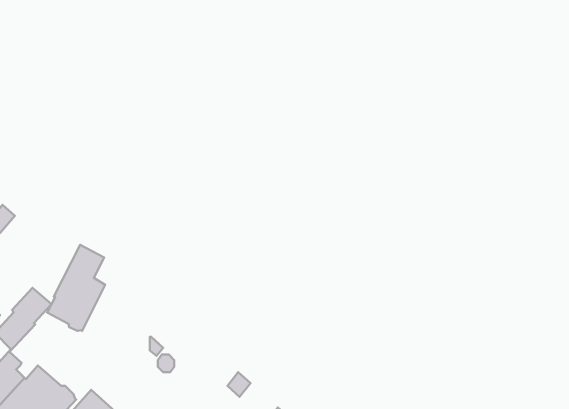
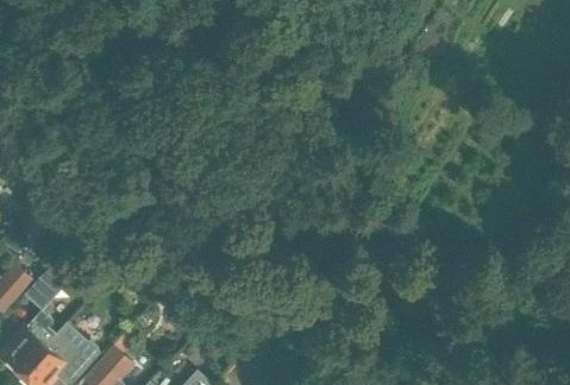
building: [47,245,105,331] -> none

